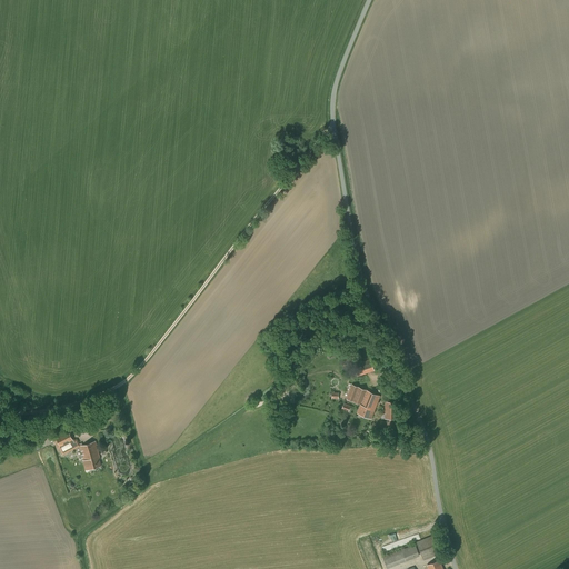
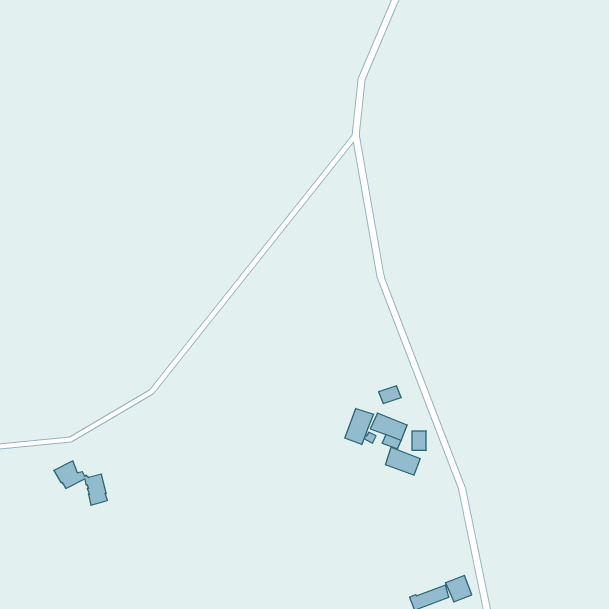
building: none -> [345,408,374,445]
building: none -> [385,447,420,475]

